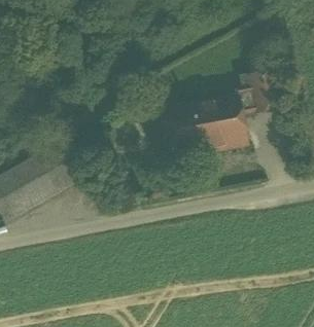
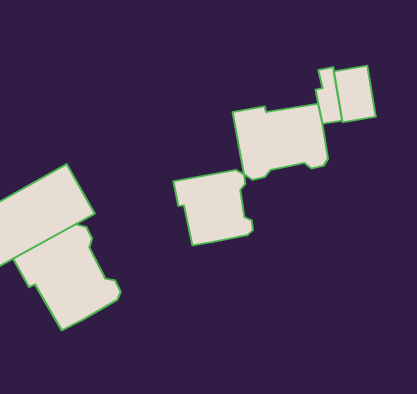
building: none -> [174,170,253,245]
building: none -> [13,224,121,330]

